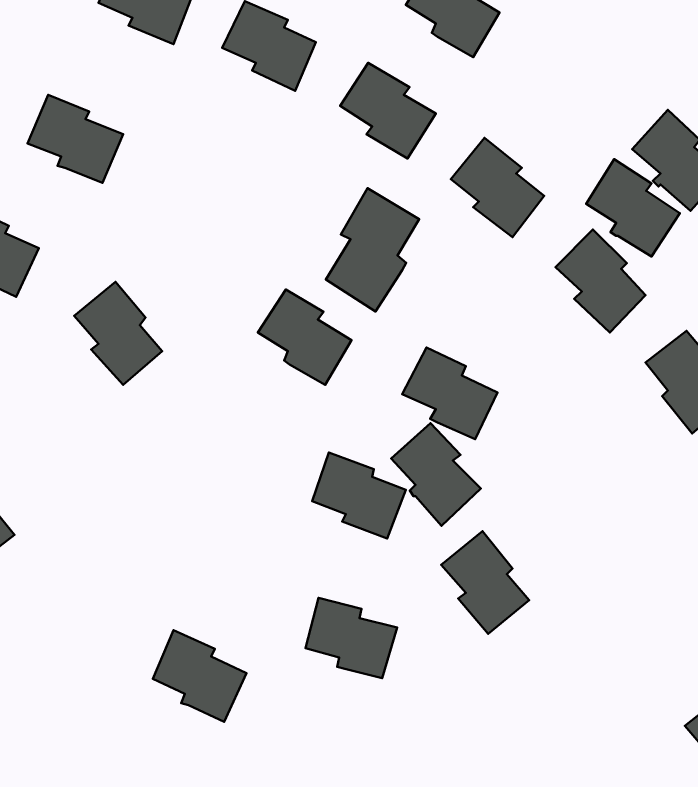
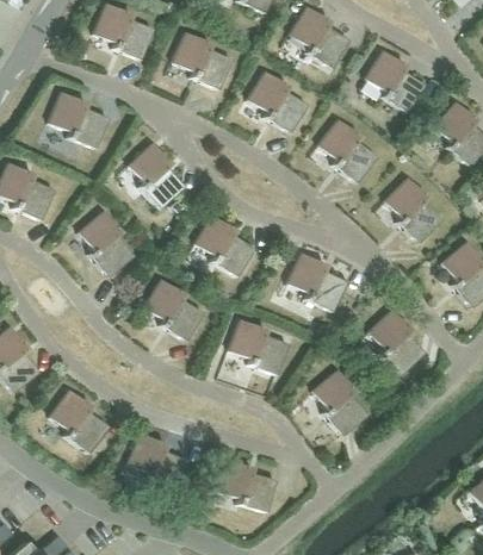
building: [586,159,680,256] -> [365,50,425,112]
building: none -> [128,143,185,208]
building: [326,188,419,311] -> none
building: none -> [143,279,204,341]
building: [391,423,481,526] -> [367,310,425,375]
building: none -> [49,389,109,453]
building: [305,598,397,678] -> [217,460,275,511]

